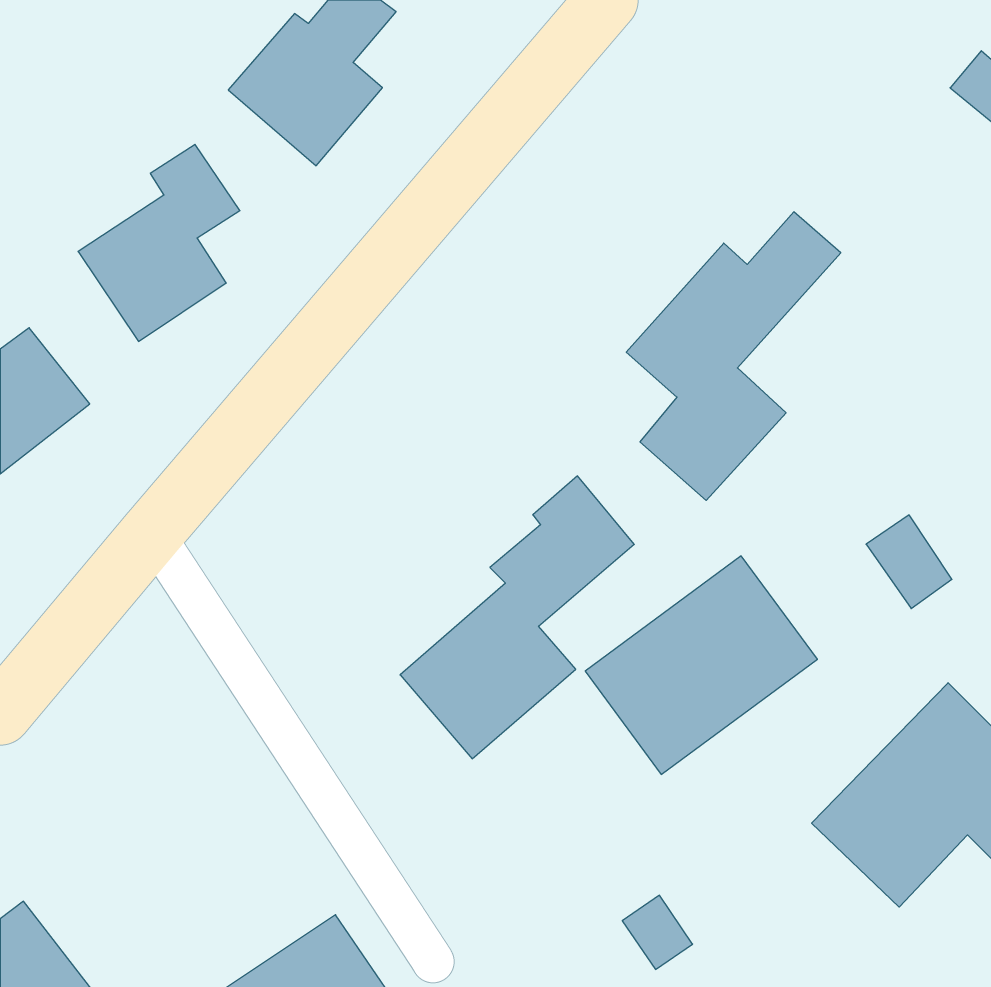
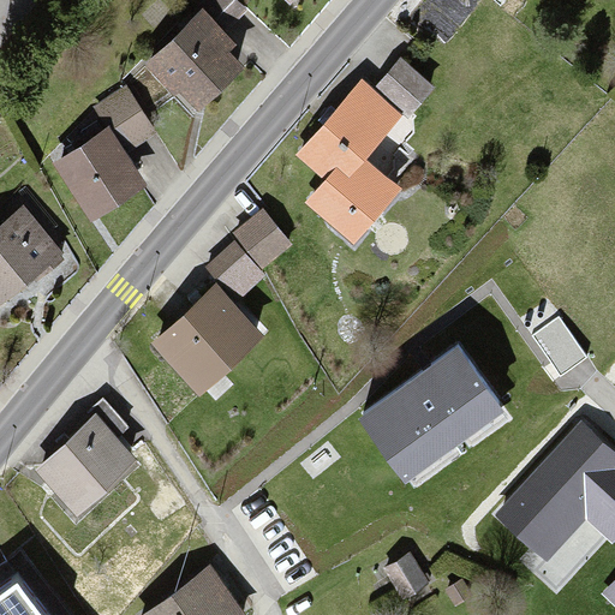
building: [626,212,841,500] -> [299,66,431,244]
building: [400,476,634,759] -> [153,216,297,390]
building: none -> [30,418,130,514]

